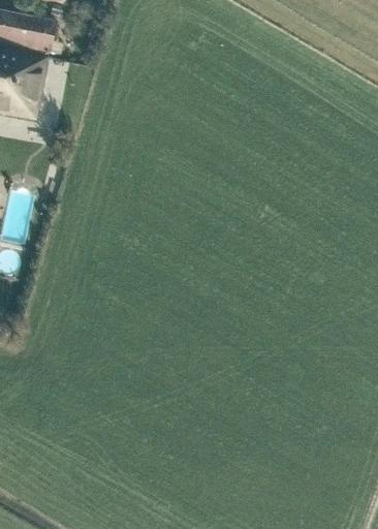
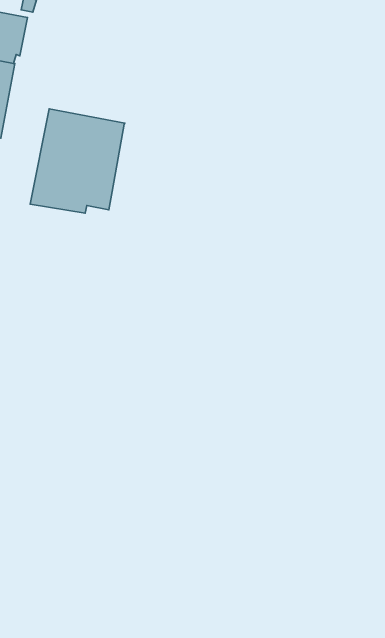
building: none -> [30,109,125,213]

